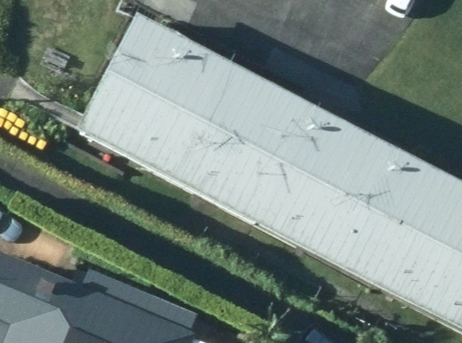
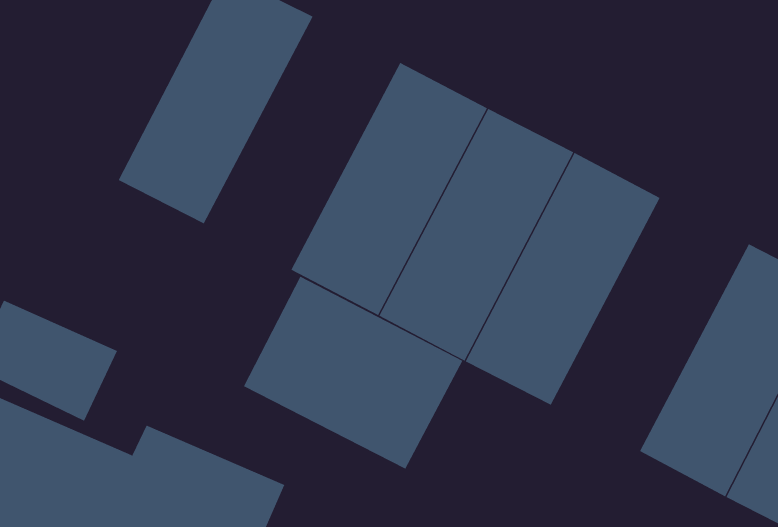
building: [127,38,238,182] -> none
building: [324,141,436,285] -> none
building: none -> [243,276,463,470]

